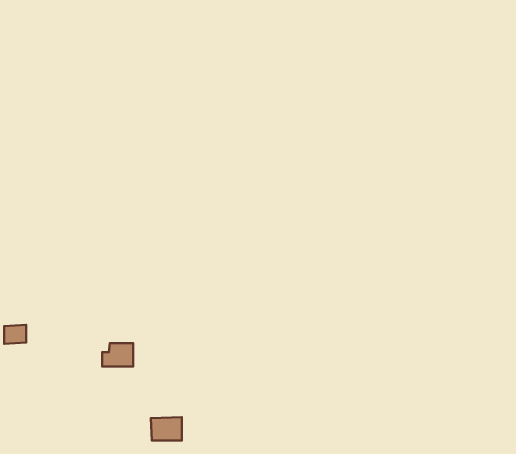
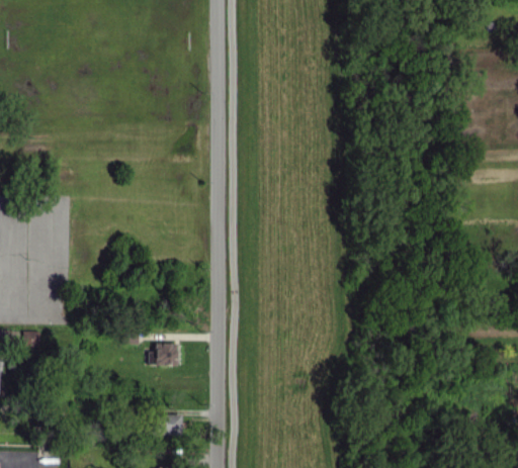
building: [102,343,133,367] -> [149,344,177,365]

